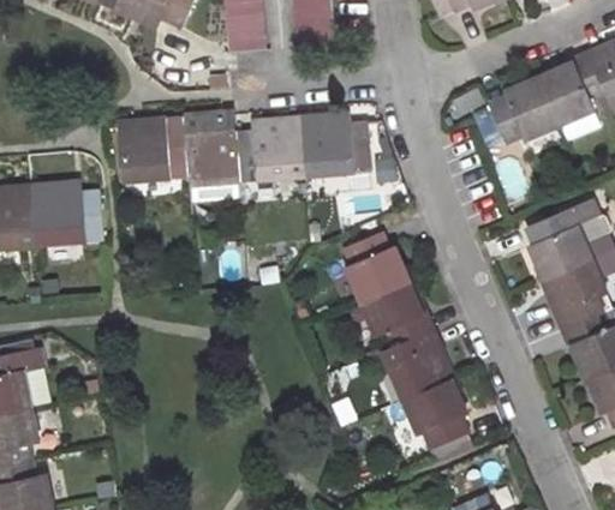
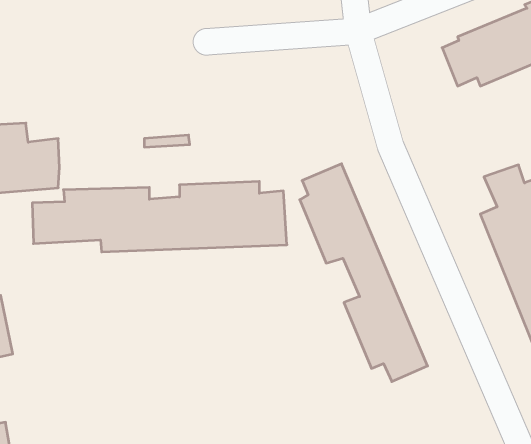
building: [119,113,375,184] -> [32,181,287,252]

